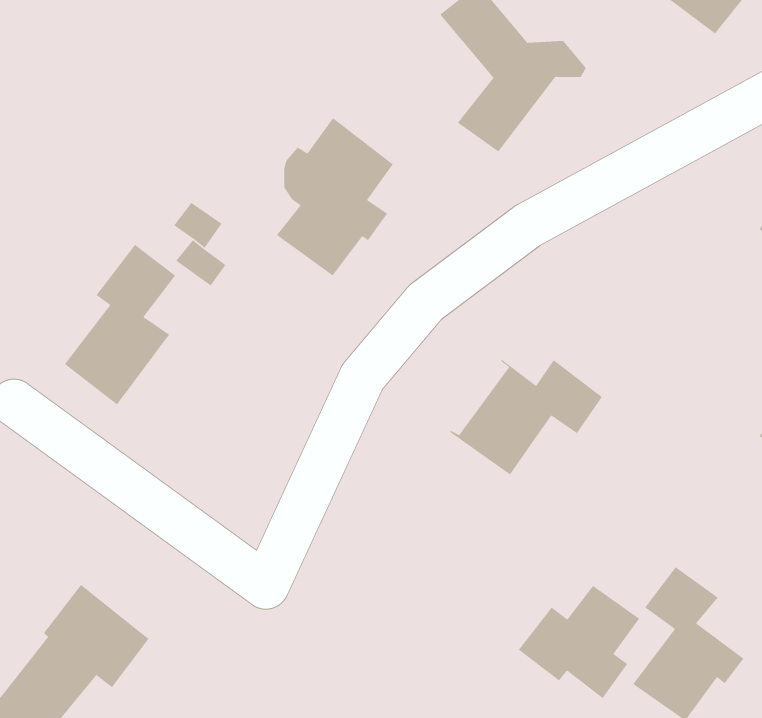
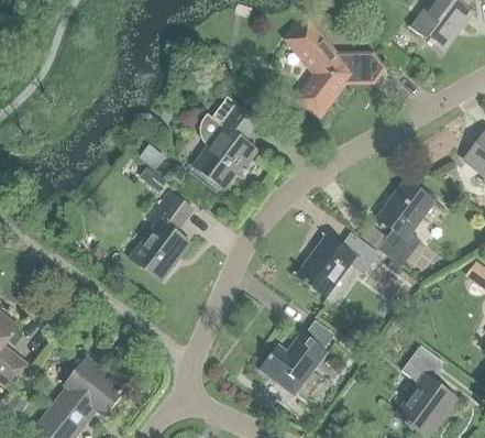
building: [64,244,176,405] -> [131,190,194,281]
building: none -> [377,179,434,265]
building: [518,585,640,699] -> [260,331,328,395]

